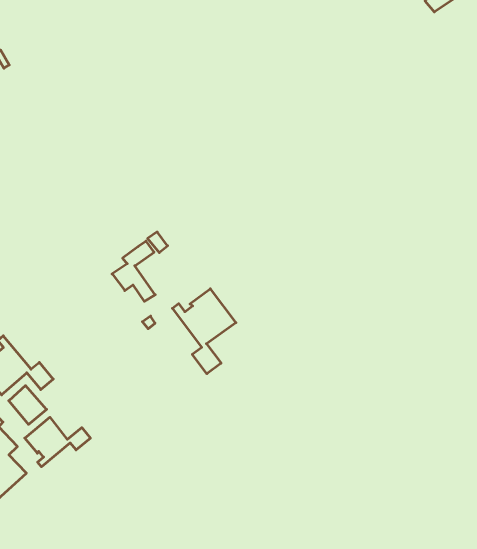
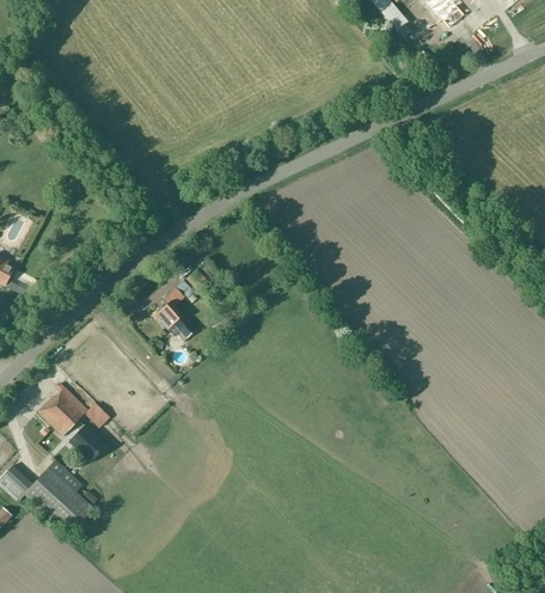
building: [172,289,236,374] -> none
building: [25,417,90,467] -> none

